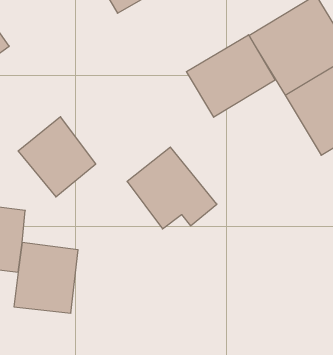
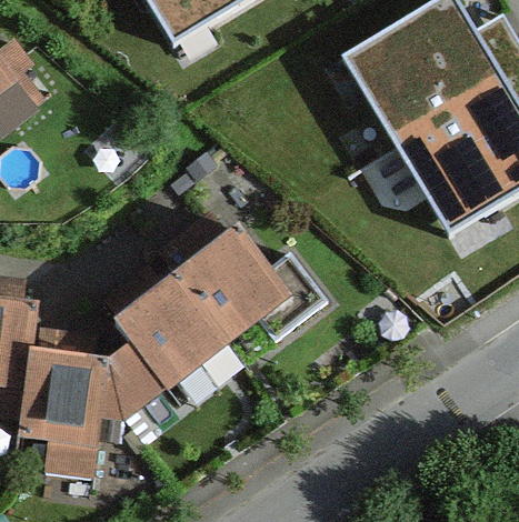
building: [186,35,275,117] -> none
building: [18,117,96,197] -> [122,268,230,379]

